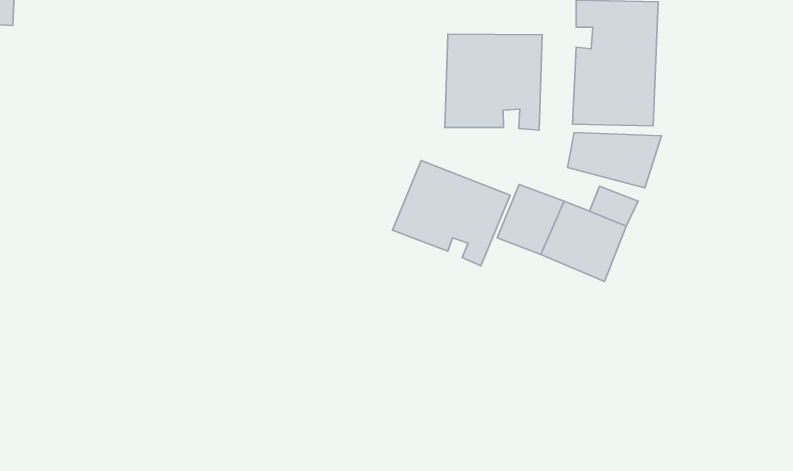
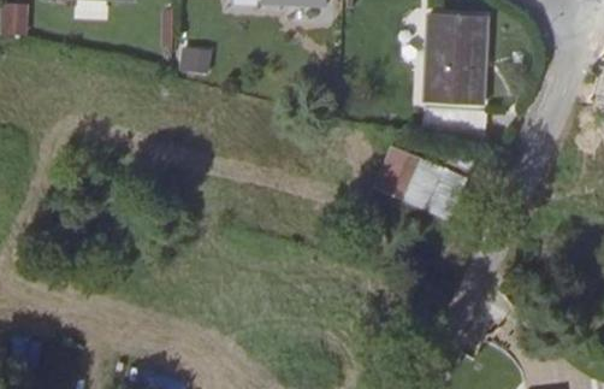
building: [445,34,542,130] -> none
building: [392,161,510,266] -> none

